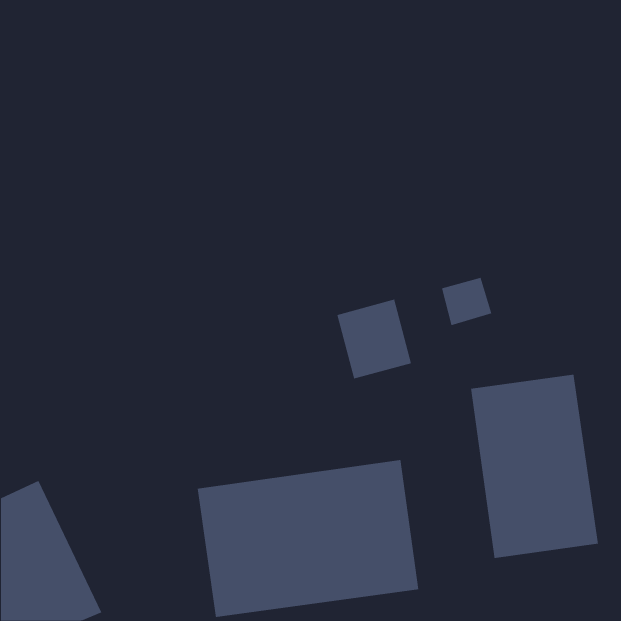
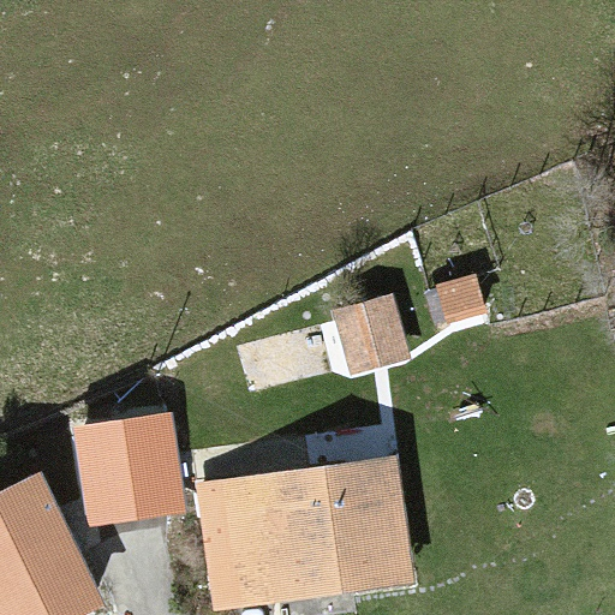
building: [471,374,598,559] -> none
building: none -> [73,413,186,526]

